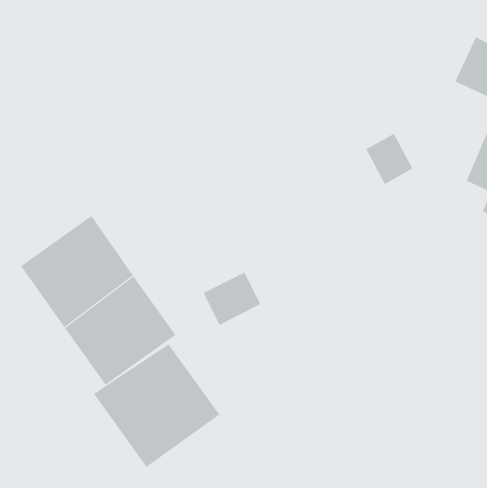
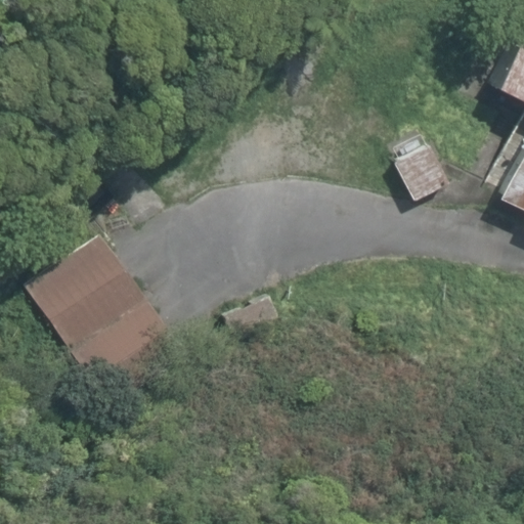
building: [93,344,220,468] -> none

